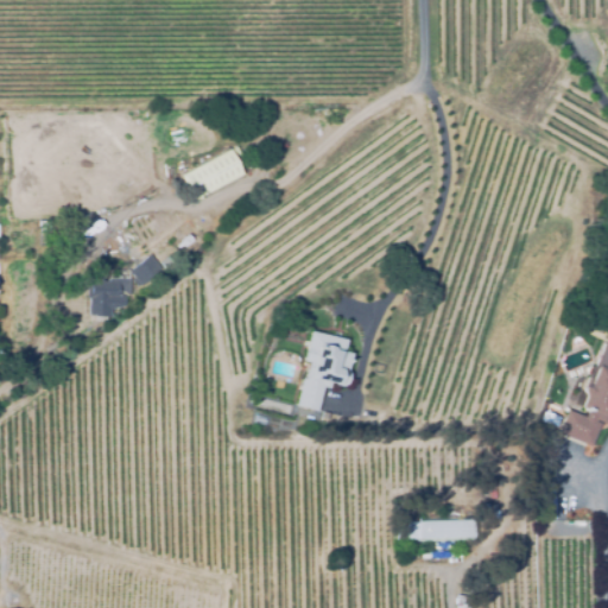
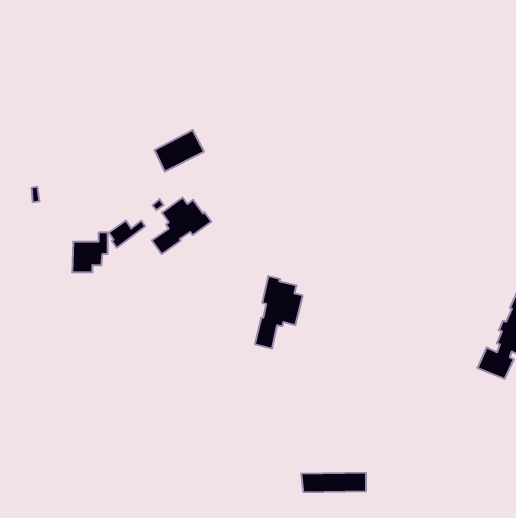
building: none -> [152,198,211,254]
building: [401,520,477,543] -> [301,473,366,492]

